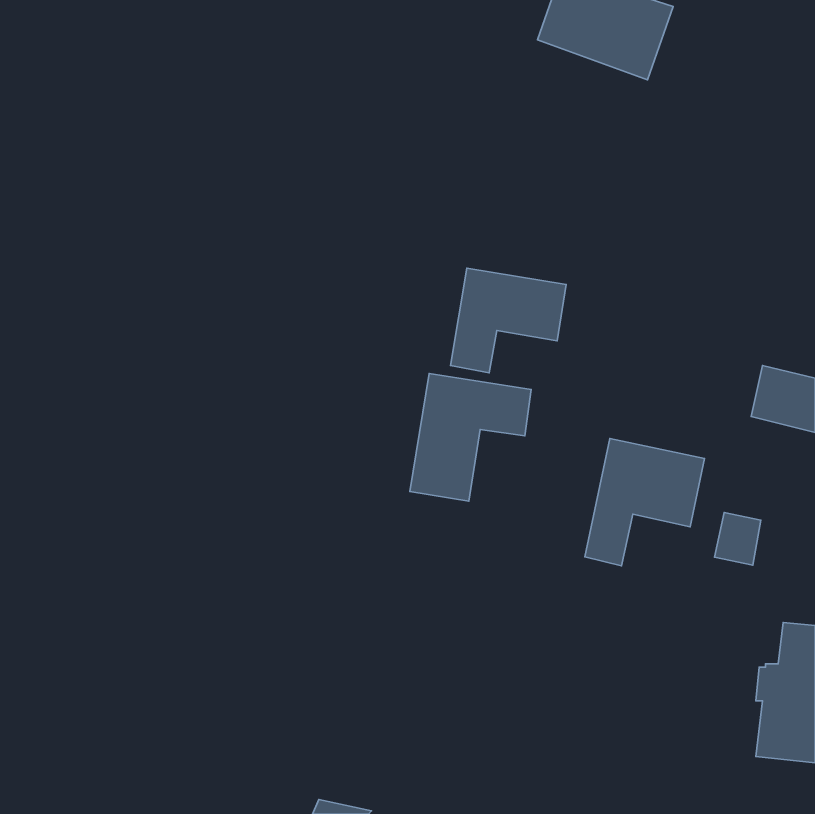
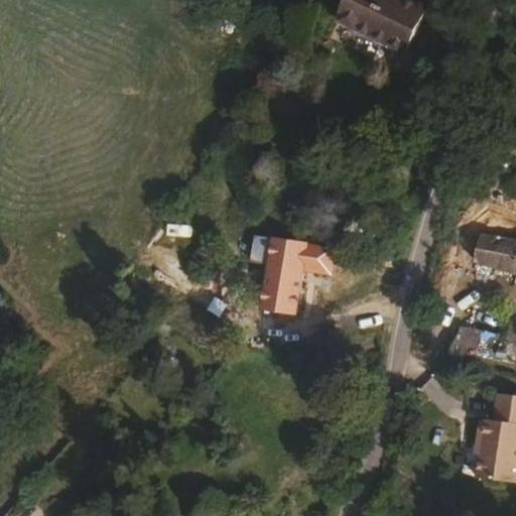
building: [451,268,566,373] -> none
building: [585,439,705,566] -> none

